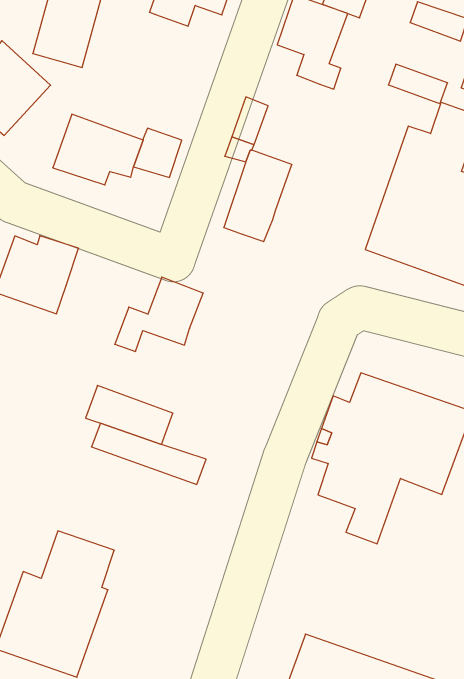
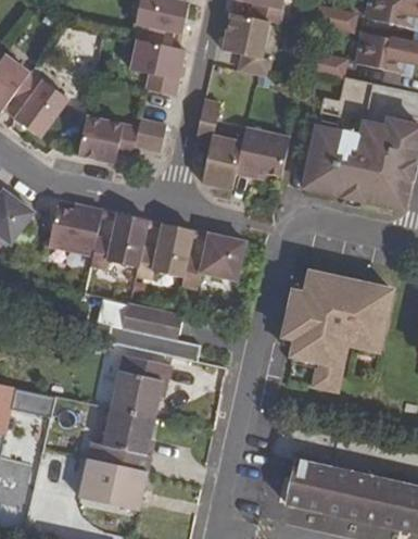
building: none -> [129,38,185,95]
building: none -> [236,125,290,177]
building: none -> [90,212,148,266]
building: none -> [181,233,245,287]
building: none -> [112,353,170,417]

